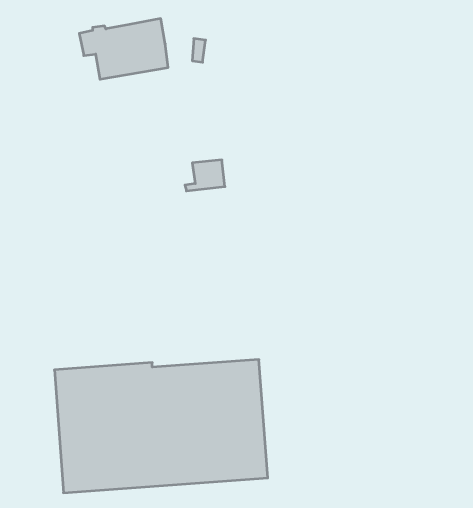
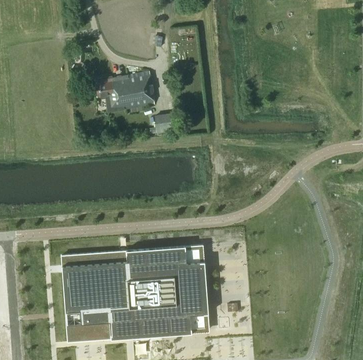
building: [79,19,168,79] -> [95,73,155,114]

